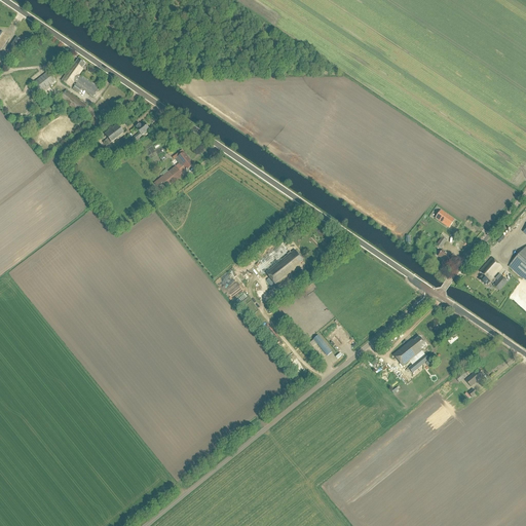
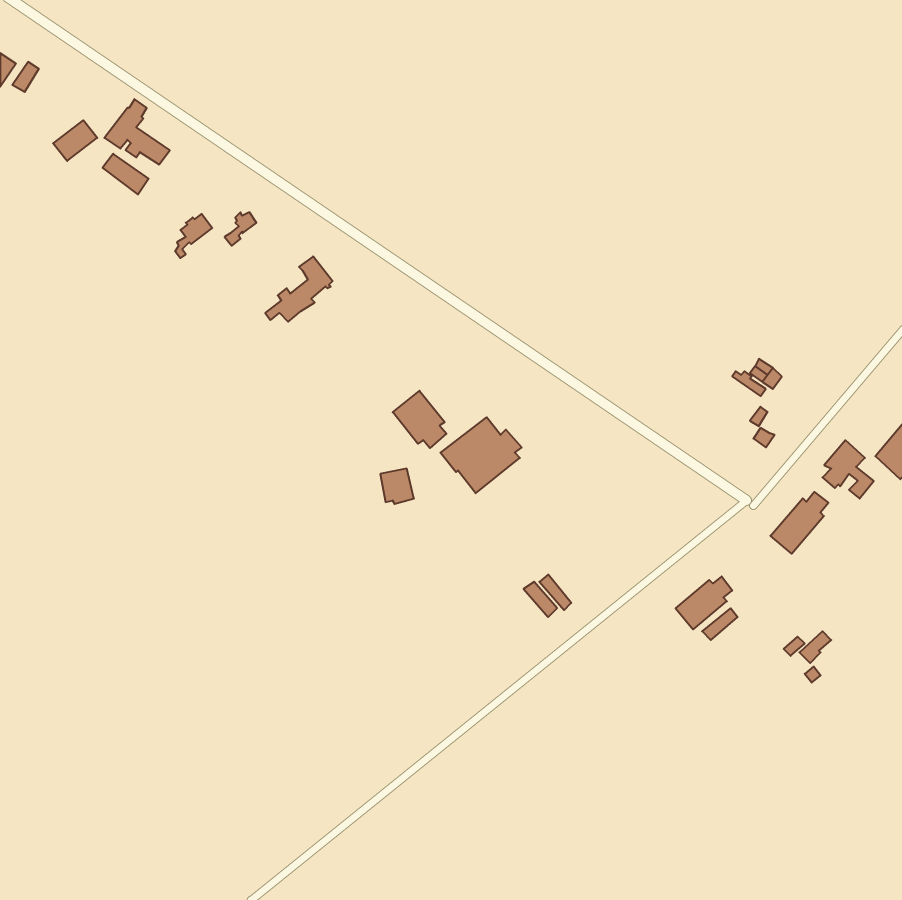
building: none -> [393,391,446,448]
building: none -> [770,492,828,554]

